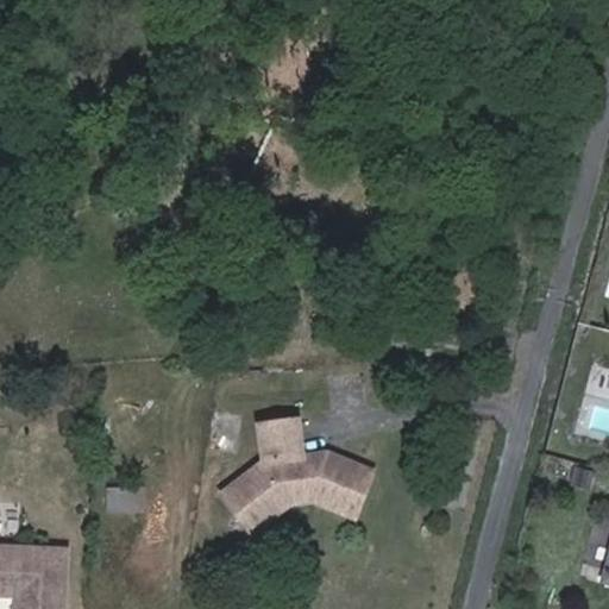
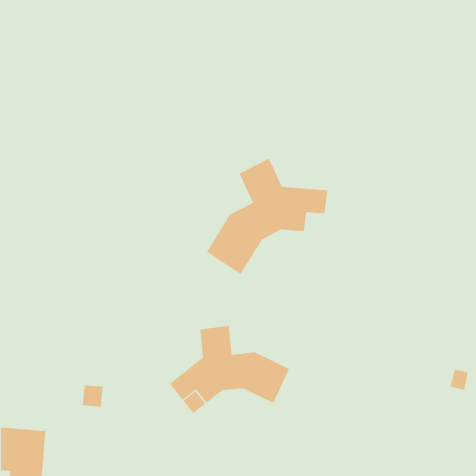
building: none -> [206,158,328,275]

